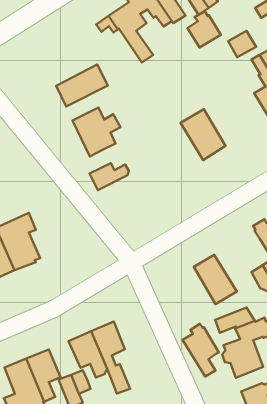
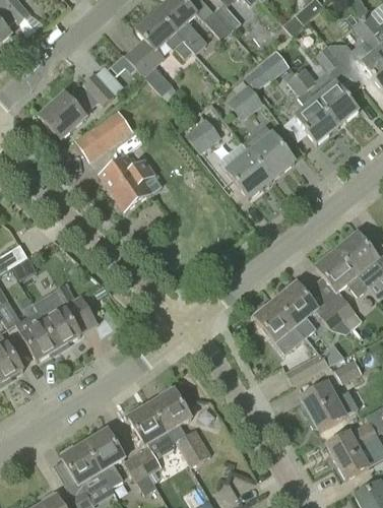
building: [187,11,221,47] -> [227,79,264,120]
building: none -> [40,72,116,138]
building: none -> [185,117,221,153]
building: none -> [242,125,295,179]
building: [89,163,129,190] -> none
building: [183,324,219,376] -> [275,279,317,336]

